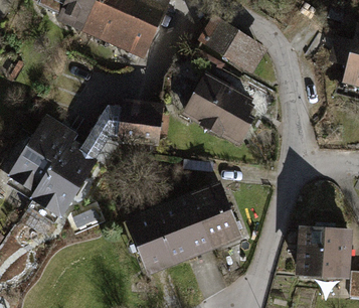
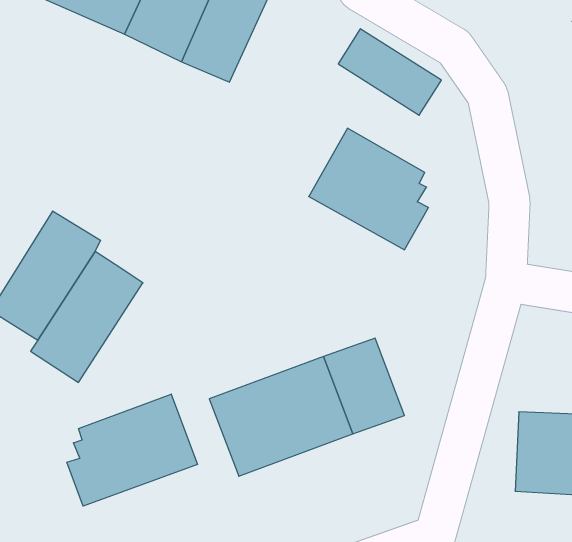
building: [80,106,159,160] -> none
building: none -> [67,394,197,506]

